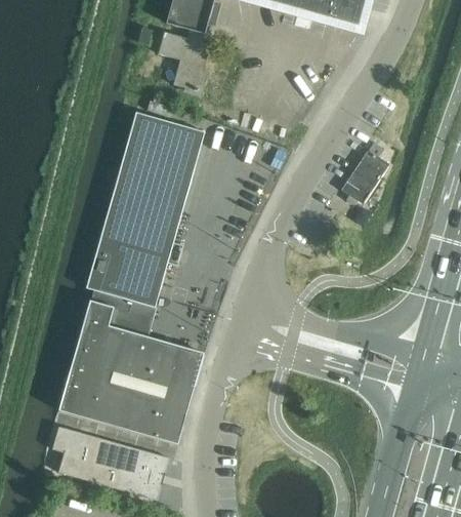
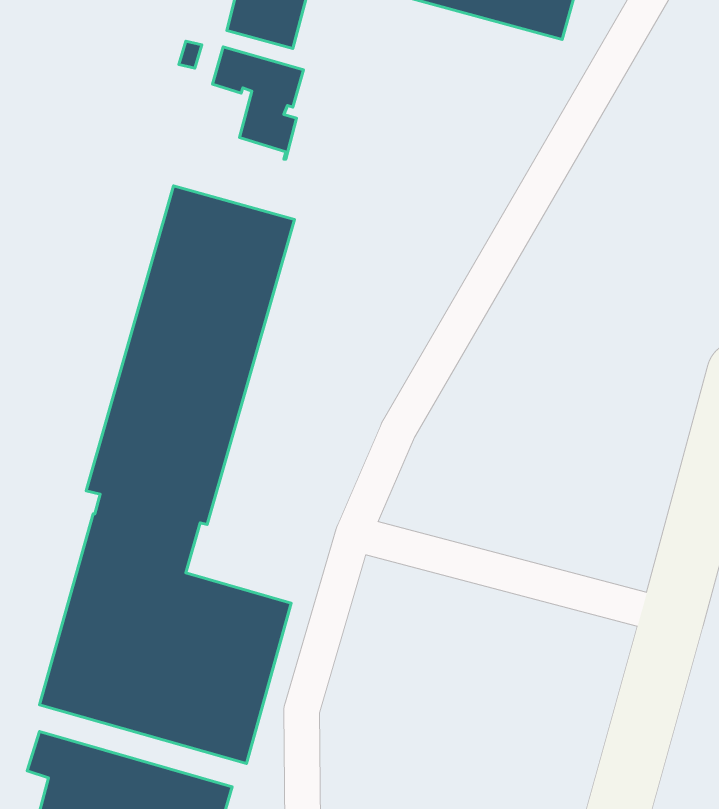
building: [341,149,389,206] -> none

